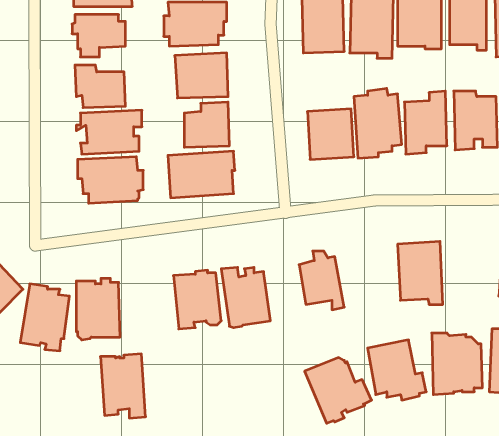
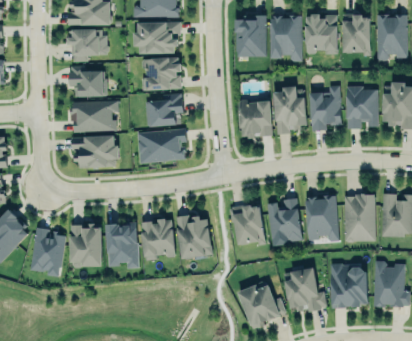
building: none -> [343,193,375,243]
building: none -> [267,199,302,246]
building: [100,354,146,418] -> [106,221,139,268]

